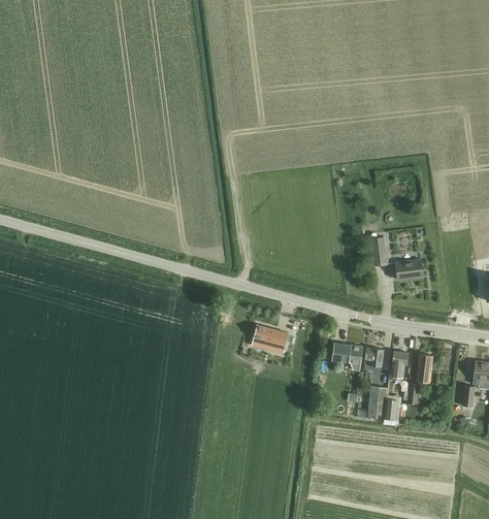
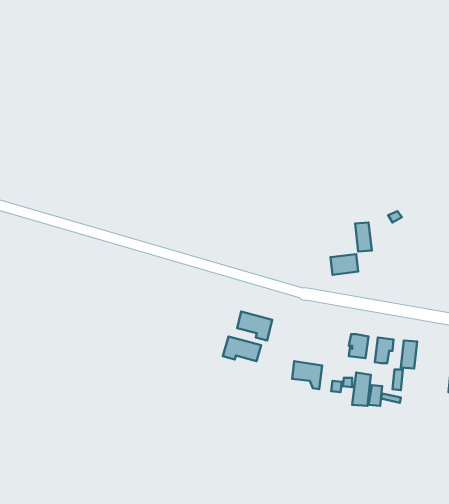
building: [395,259,423,280] -> [330,254,358,275]
building: [332,343,362,370] -> [292,361,322,389]
building: none -> [223,336,261,361]

